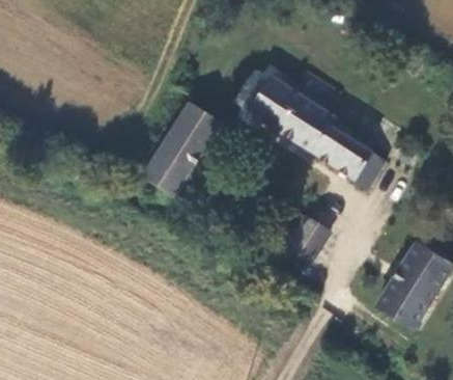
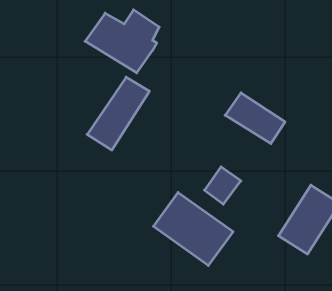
building: [246,75,338,154] -> [85,10,159,73]
building: none -> [153,192,233,266]

